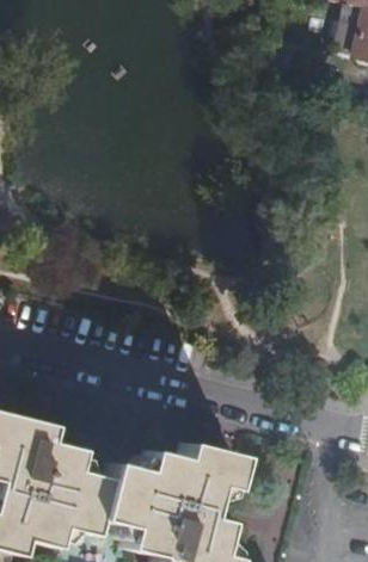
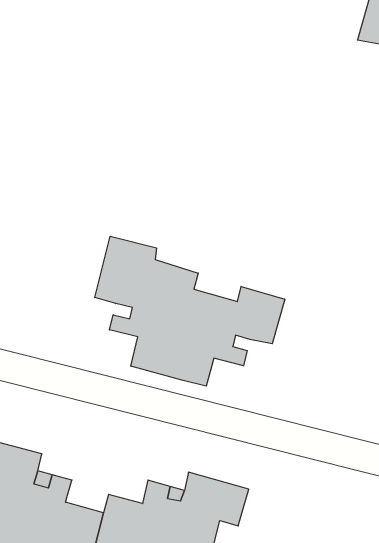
building: none -> [95,236,285,386]

